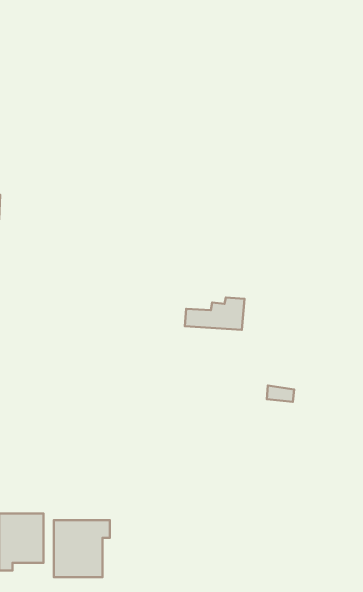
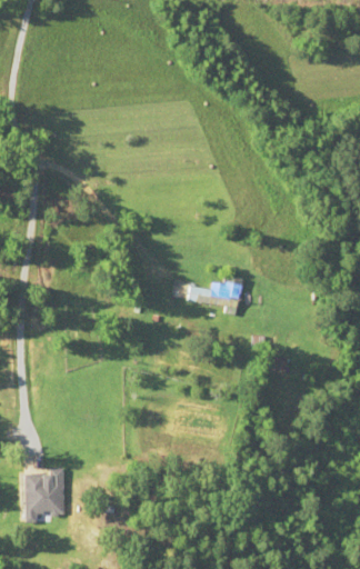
building: [54,520,110,577] -> none

